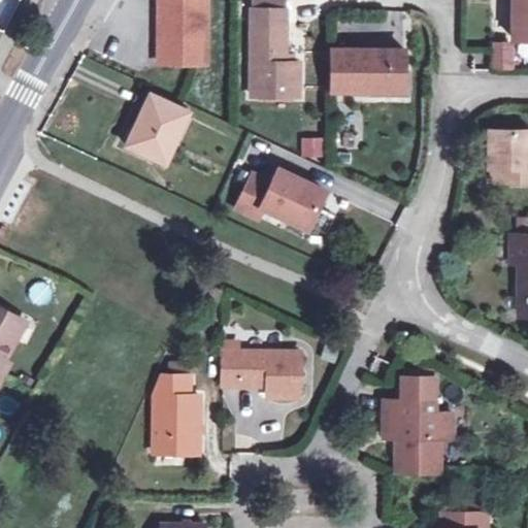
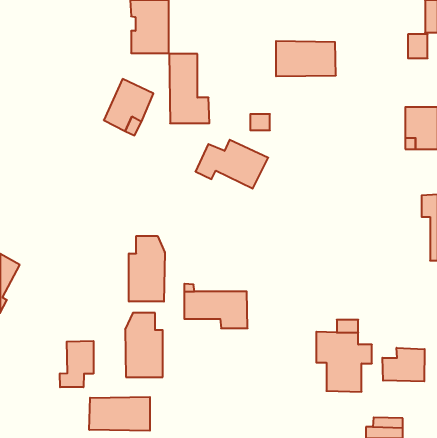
building: [251,11,299,95] -> [169,54,209,123]
building: none -> [129,236,165,302]
building: none -> [60,341,93,387]
building: none -> [382,348,425,381]
building: none -> [89,397,150,431]

